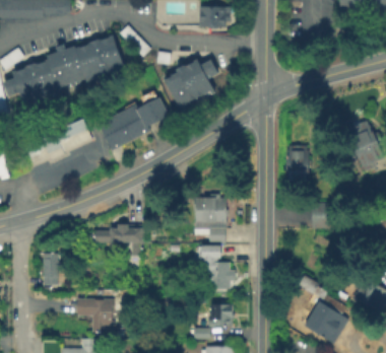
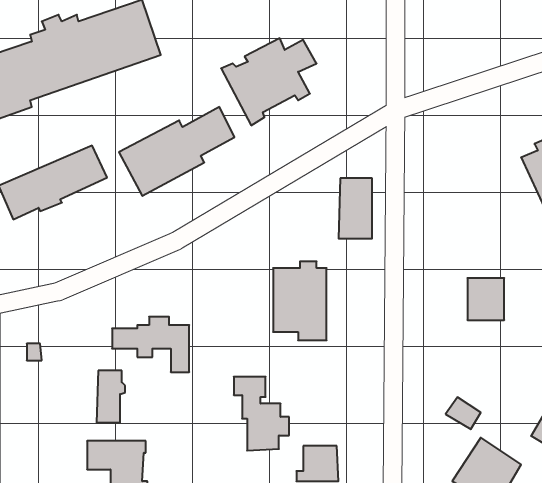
building: [287,144,308,181] -> [339,178,372,239]
building: [200,244,234,289] -> [234,377,289,451]
building: [43,255,60,286] -> [97,371,125,423]

